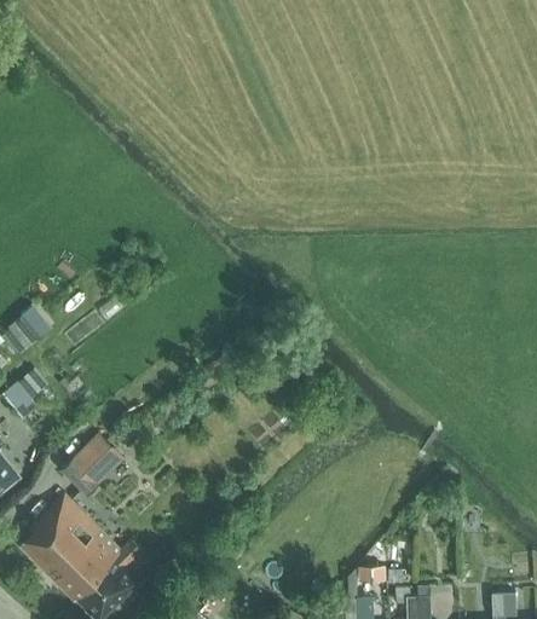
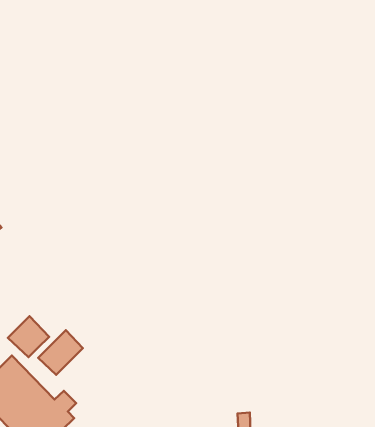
building: none -> [38,330,83,375]

